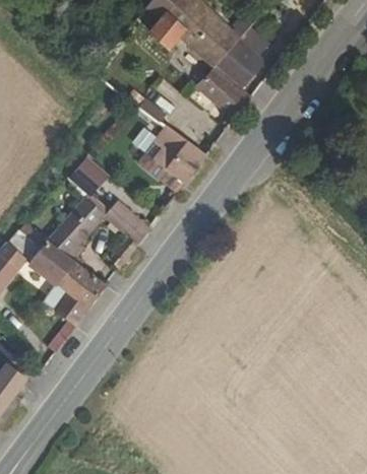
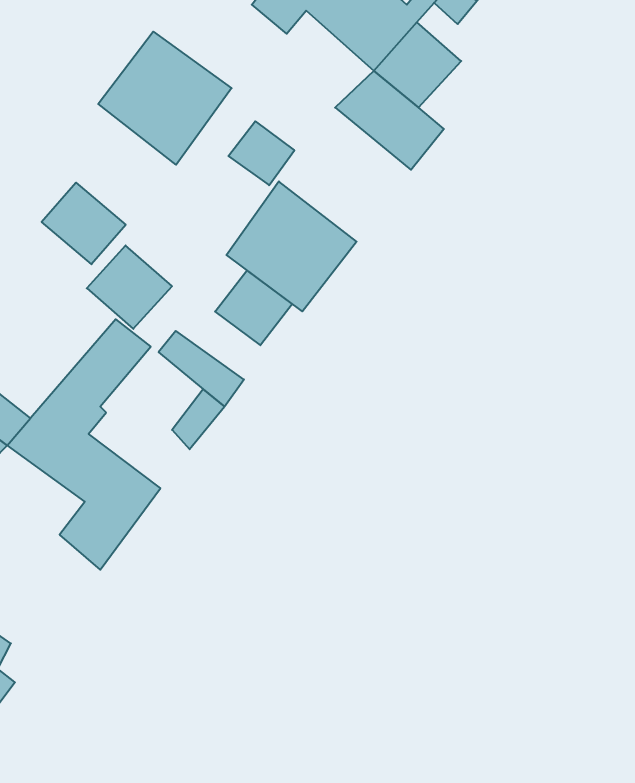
building: none -> [98,32,232,165]
building: none -> [42,183,126,264]
building: none -> [215,270,292,345]

